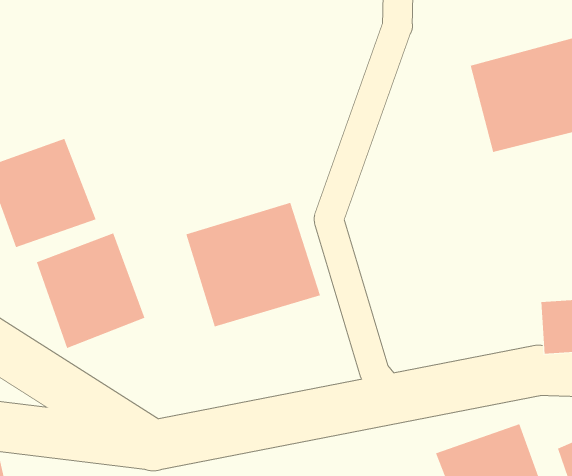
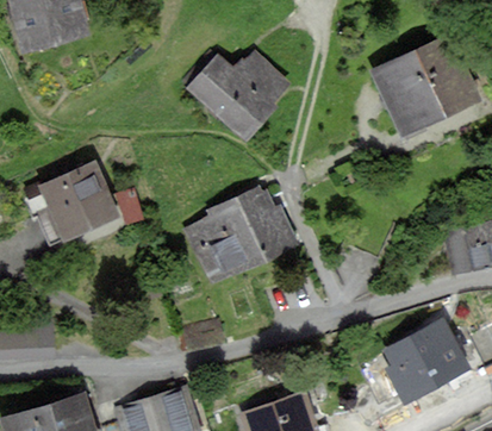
building: none -> [189,52,284,136]
building: [36,232,145,349] -> none

